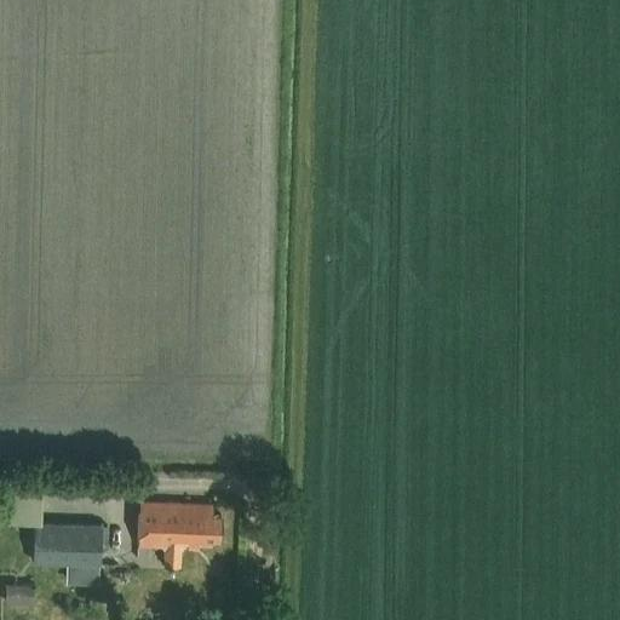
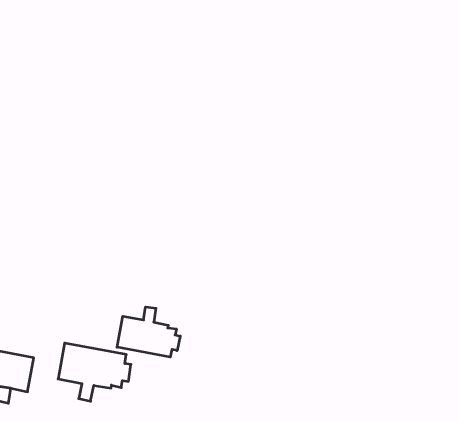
building: none -> [117,307,180,357]

